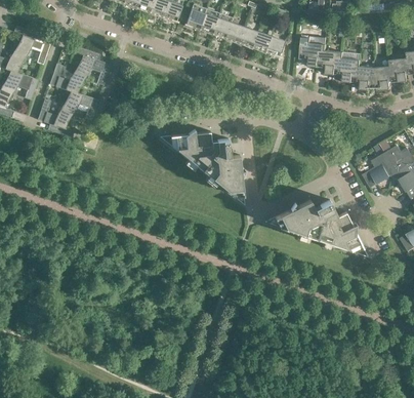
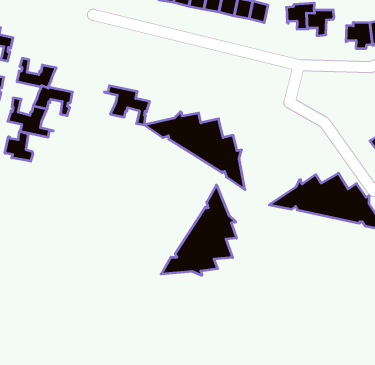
building: [71,46,111,85] -> [104,86,150,125]
building: [333,58,360,82] -> none
building: none -> [5,131,33,161]
building: none -> [161,185,236,275]

